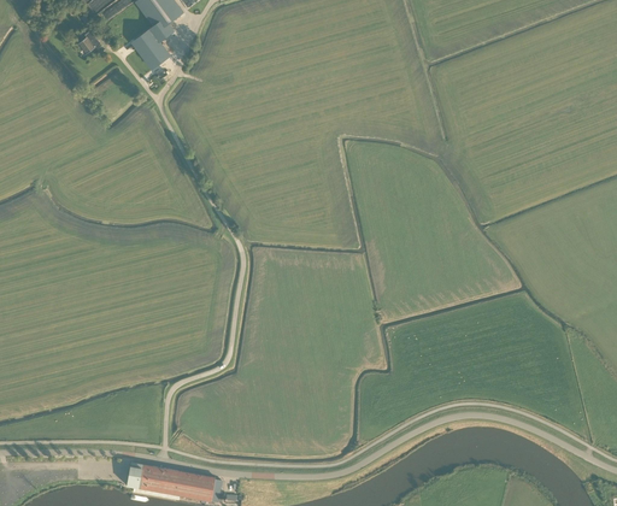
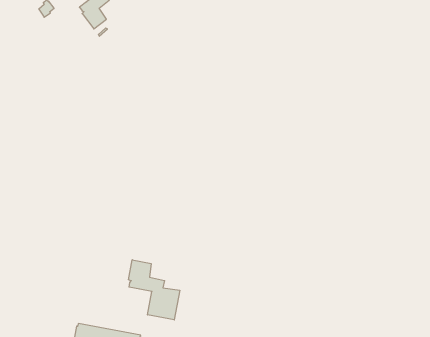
building: none -> [128,260,180,320]

